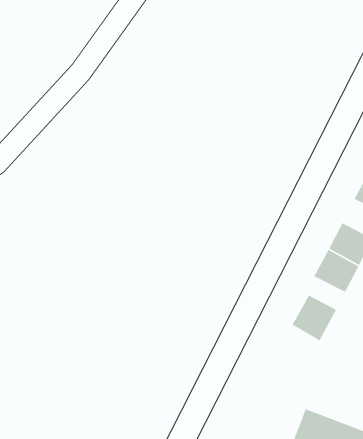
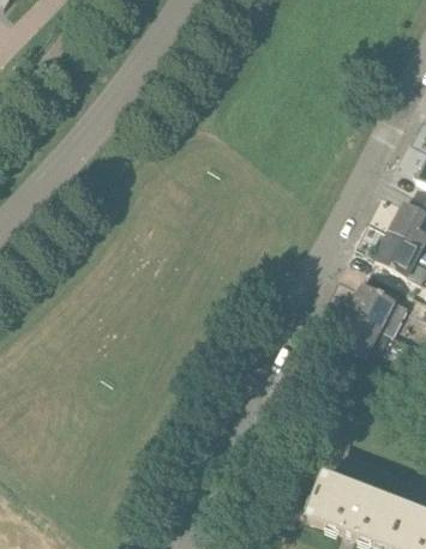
building: [292,294,337,342] -> none

